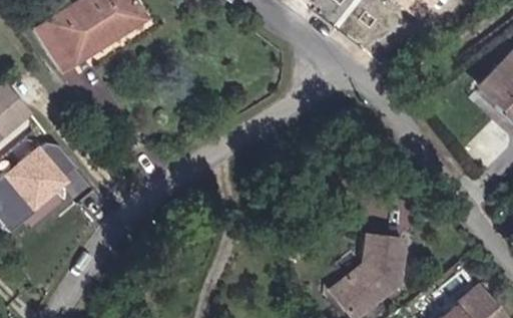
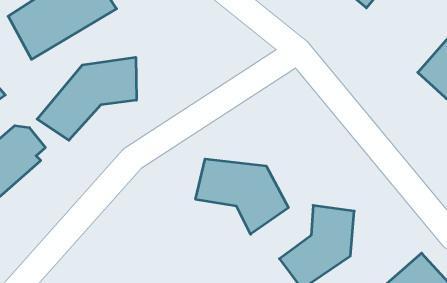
building: none -> [37,57,136,140]
building: none -> [196,159,288,234]

